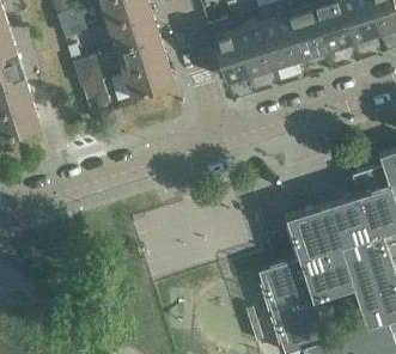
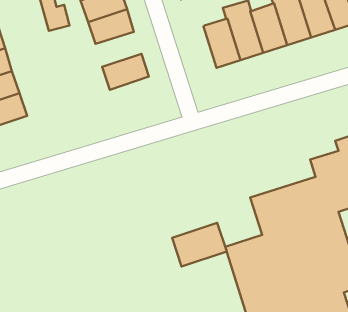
building: [208,19,249,84] -> none
building: [116,37,166,75] -> none
building: [78,55,110,108] -> none
building: none -> [172,223,227,267]

